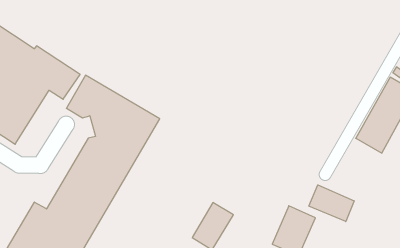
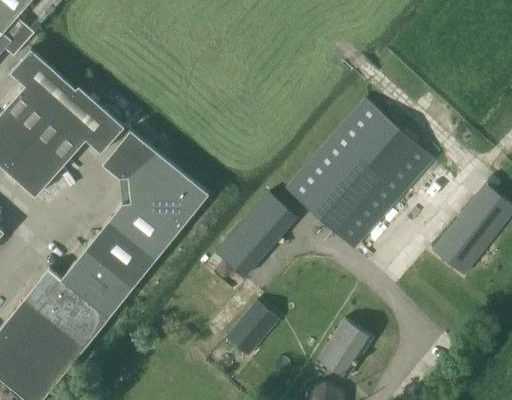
building: none -> [286,100,433,249]
building: none -> [216,192,297,277]
building: [309,185,354,222] -> none

